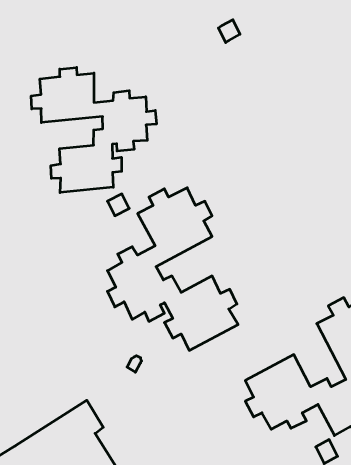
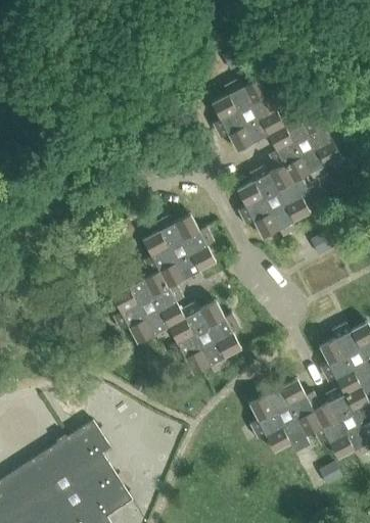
building: none -> [213,79,340,238]
building: [31,67,156,193] -> none

